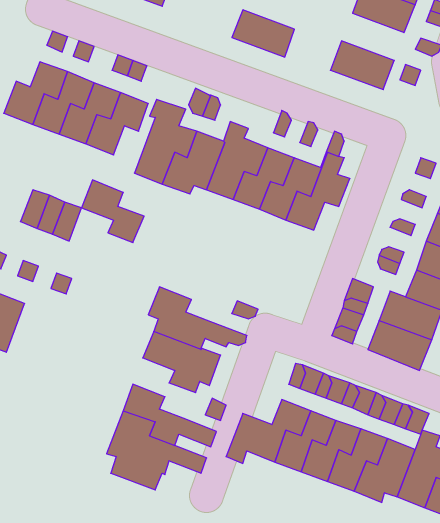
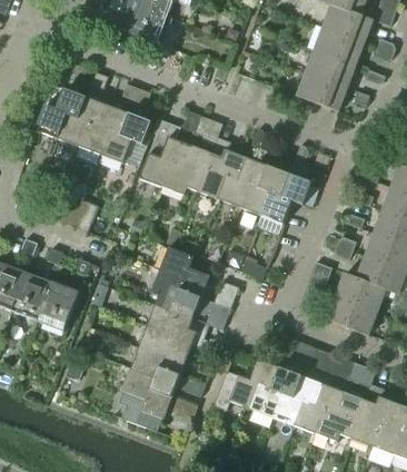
building: [232,10,294,57] -> [305,49,355,87]
building: [82,180,144,243] -> [159,246,209,296]
building: none -> [37,282,79,332]
building: none -> [138,325,188,374]

